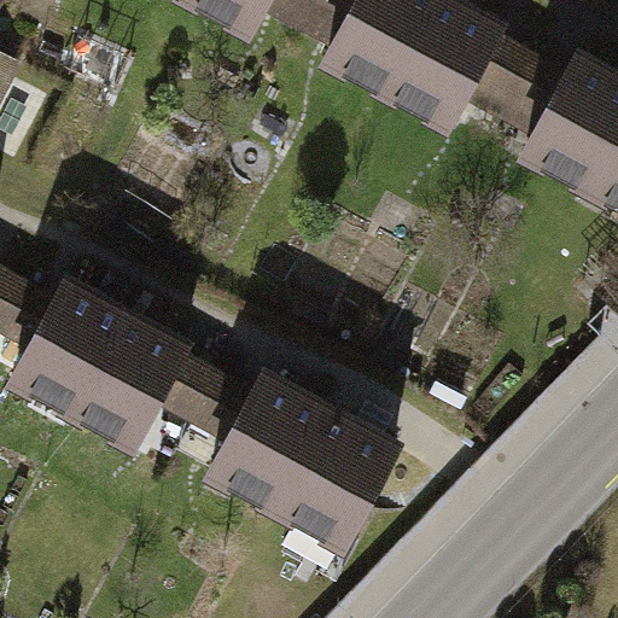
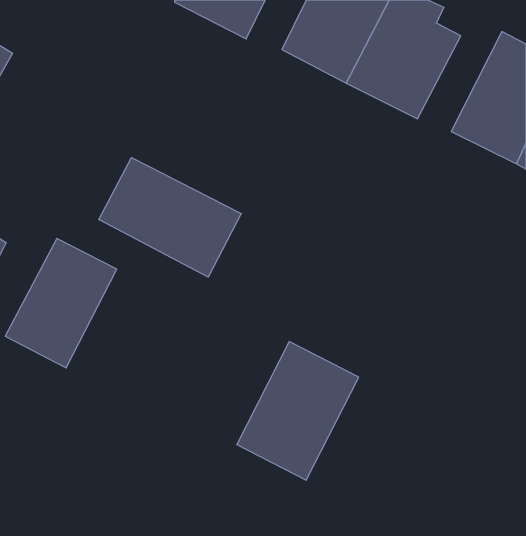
building: none -> [99,158,241,277]
building: [76,310,206,455] -> none
building: [203,358,332,512] -> none

